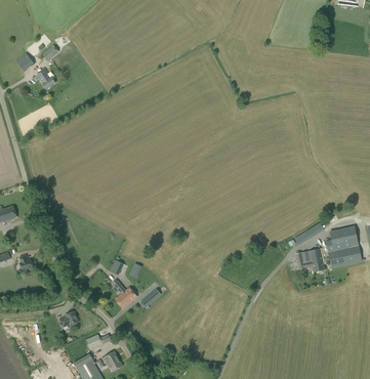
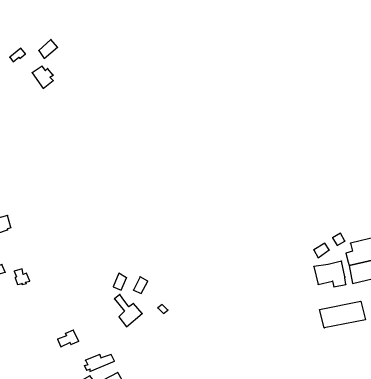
building: none -> [320,301,365,328]

